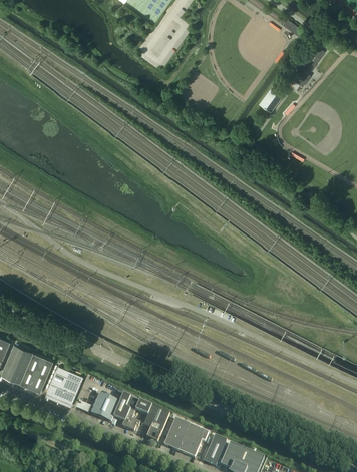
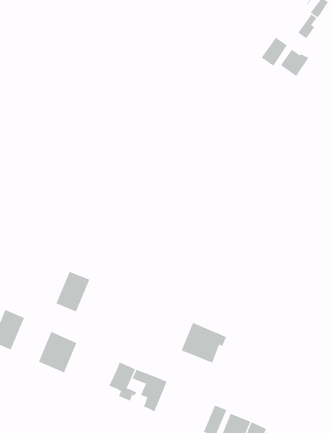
building: none -> [280,49,309,77]
building: [19,351,52,390] -> [56,271,90,312]
building: [90,393,119,421] -> none
building: [163,417,208,456] -> [181,322,227,363]

